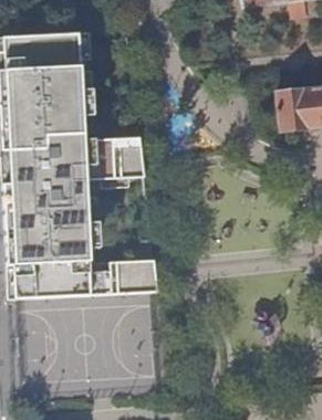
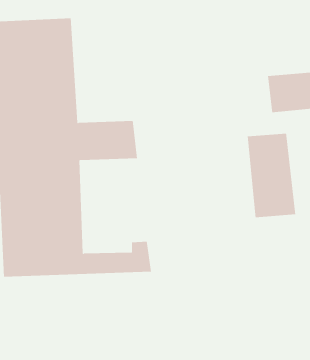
building: none -> [247,133,296,218]

